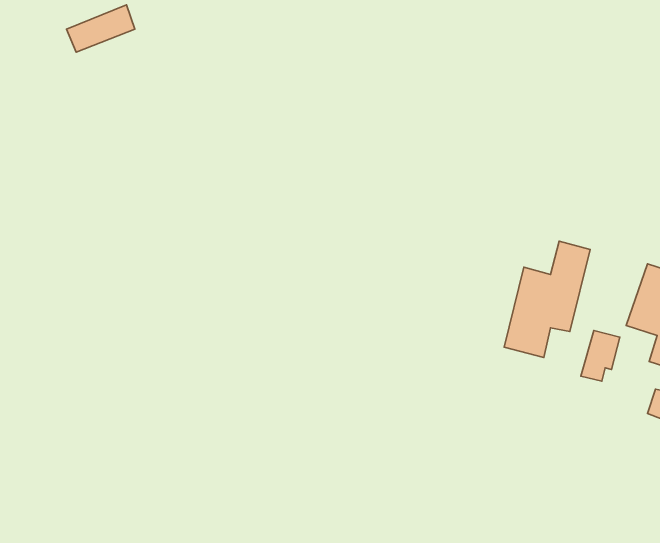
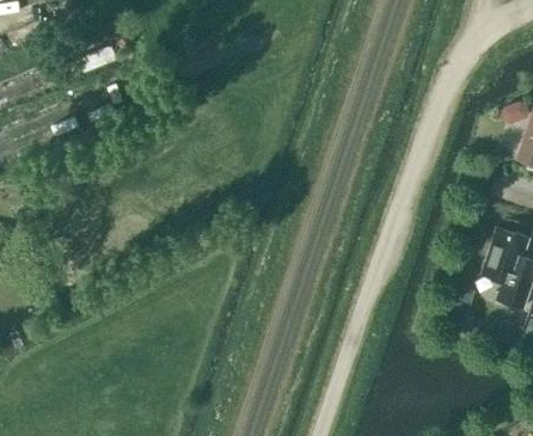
building: [504,241,590,358] -> none

